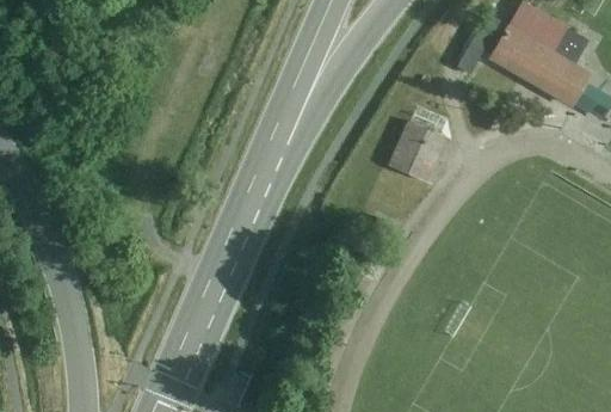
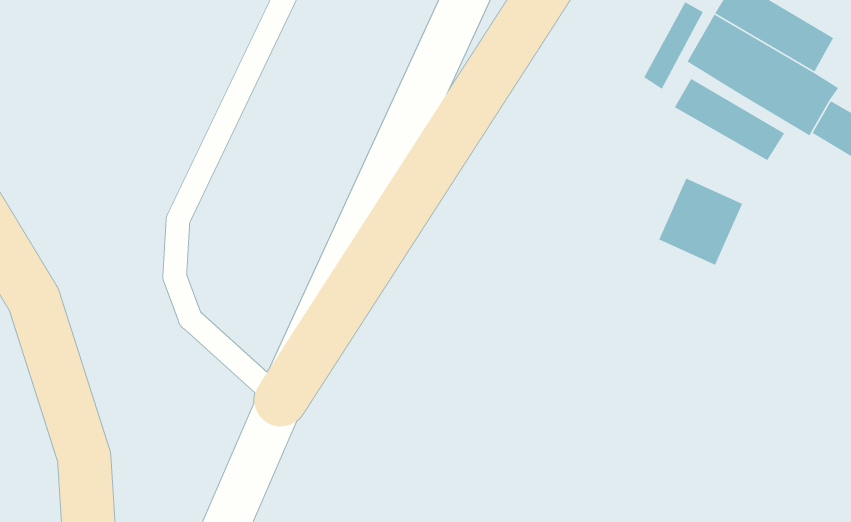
building: none -> [674,78,785,161]
building: [388,121,446,182] -> [658,178,743,266]

